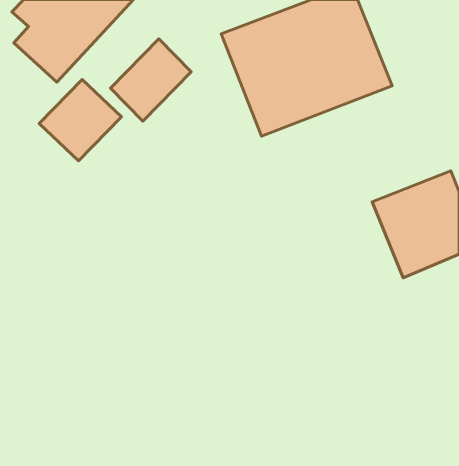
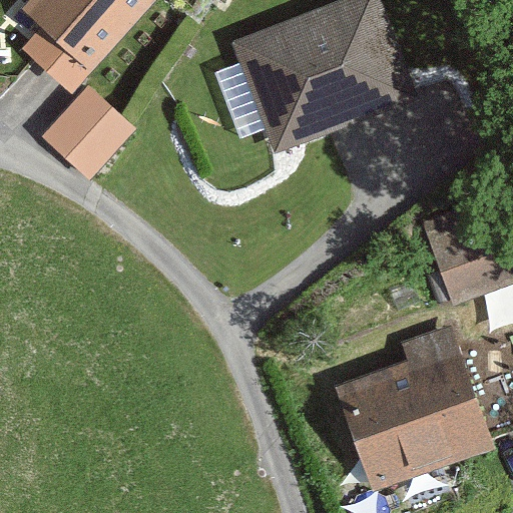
building: [110,39,191,121] -> none
building: none -> [333,345,487,489]

